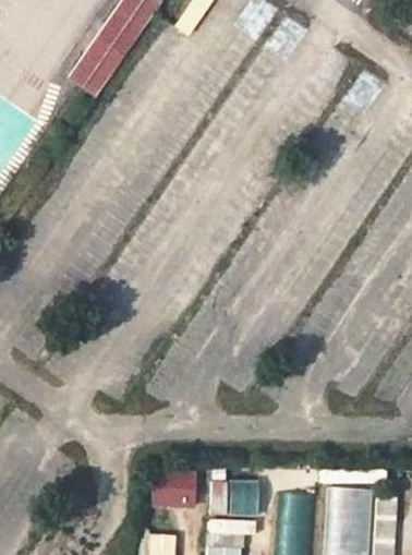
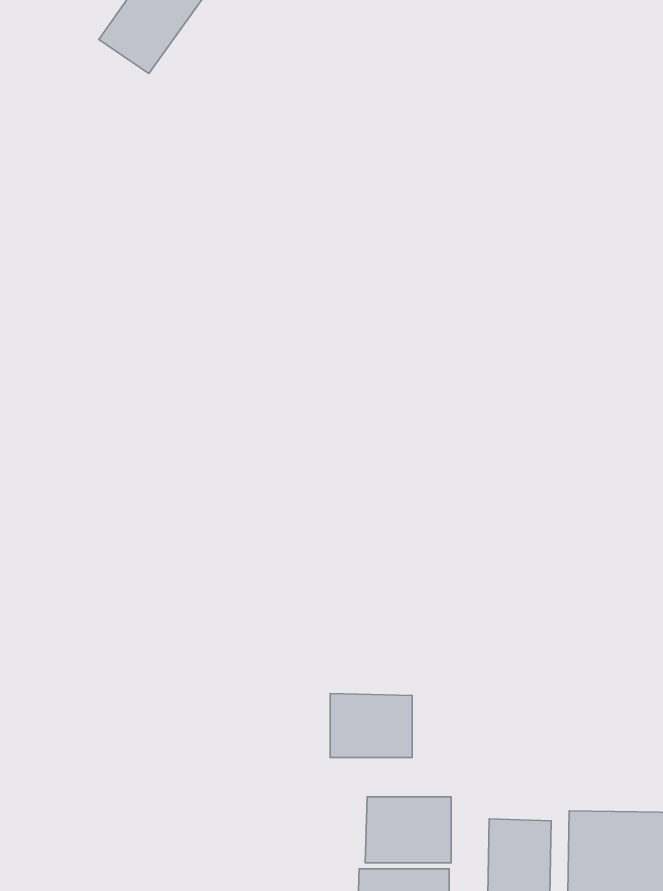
building: [154,473,198,508] -> [330,694,412,758]

